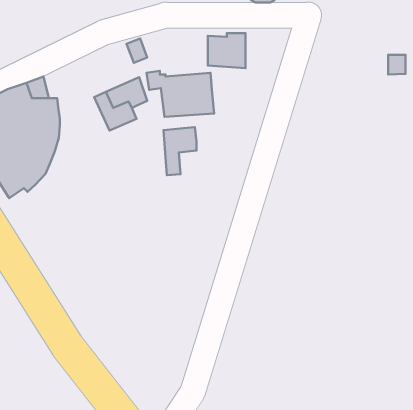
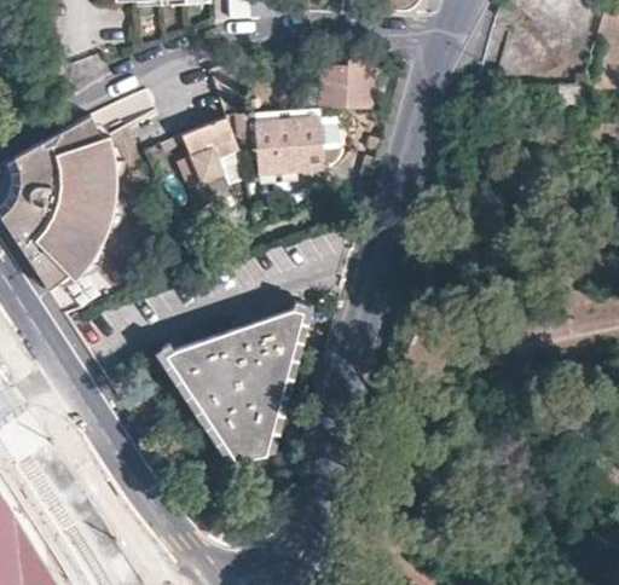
building: [164,127,196,175] -> none
building: none -> [161,302,301,458]

